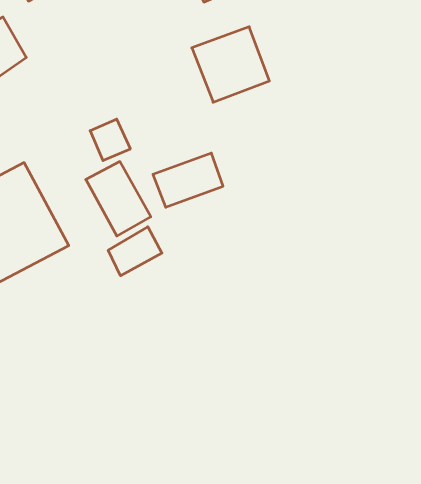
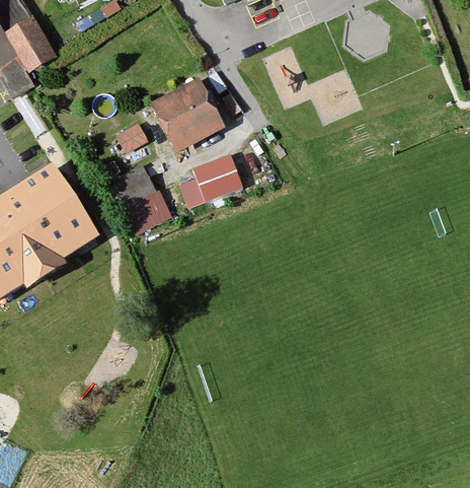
building: [192,27,269,102] -> [146,77,220,149]
building: [108,227,162,276] -> none

